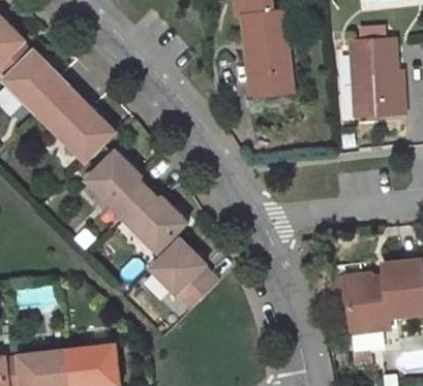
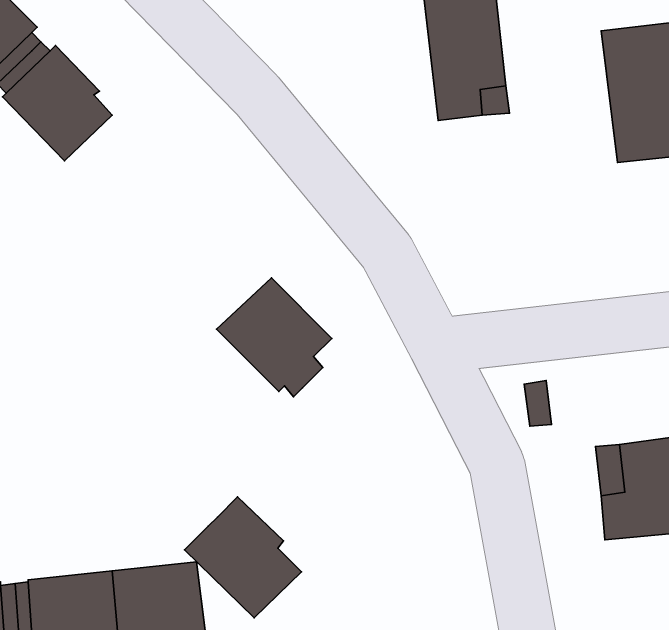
building: [40,92,105,153] -> none
building: [90,147,157,213] -> none
building: [156,234,222,302] -> [184,497,302,618]

